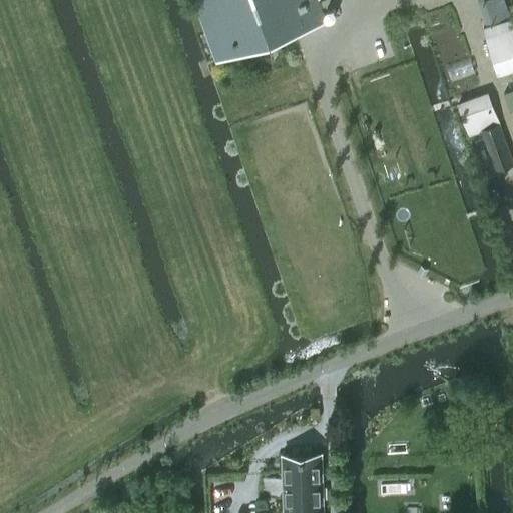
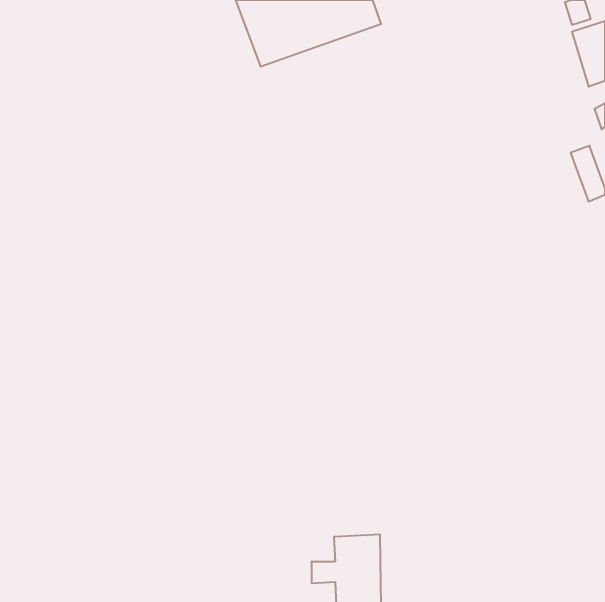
building: [459,96,500,137] -> none

